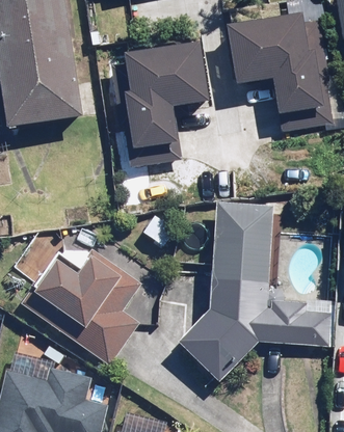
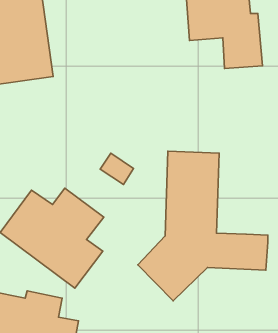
building: [111,38,212,169] -> none

